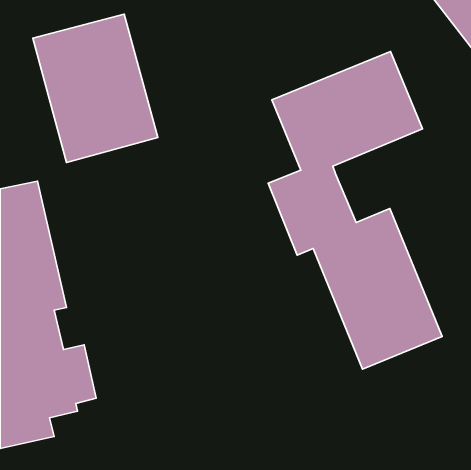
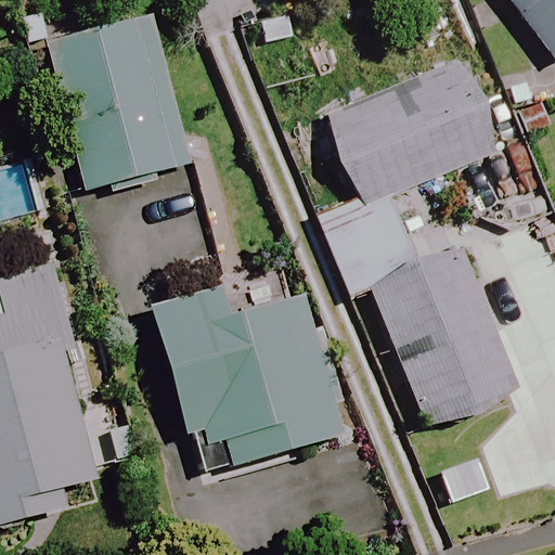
building: none -> [154,287,338,472]

